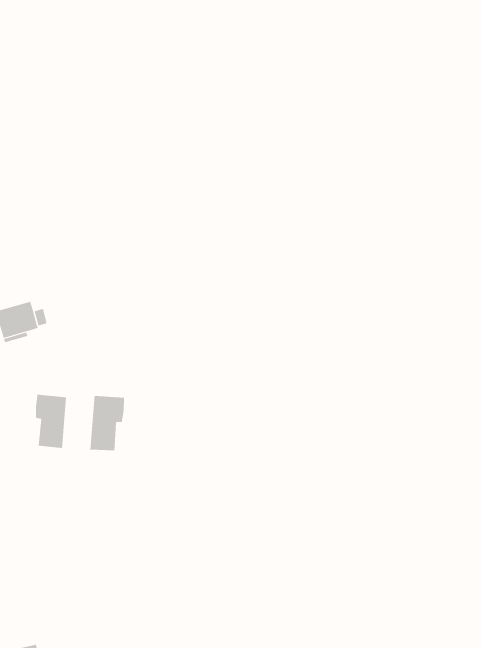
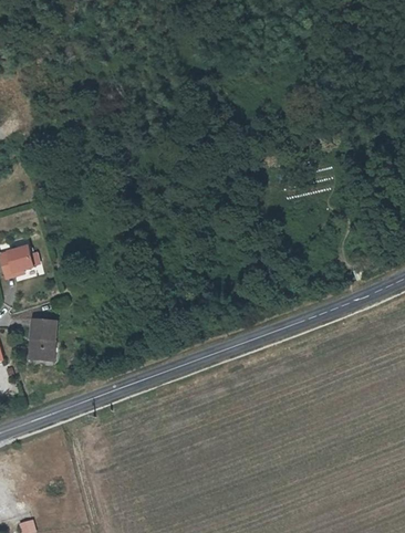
building: [90,395,125,451] -> none

